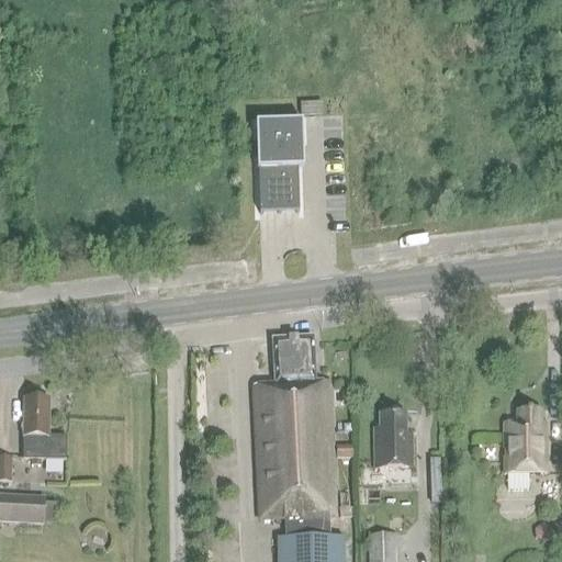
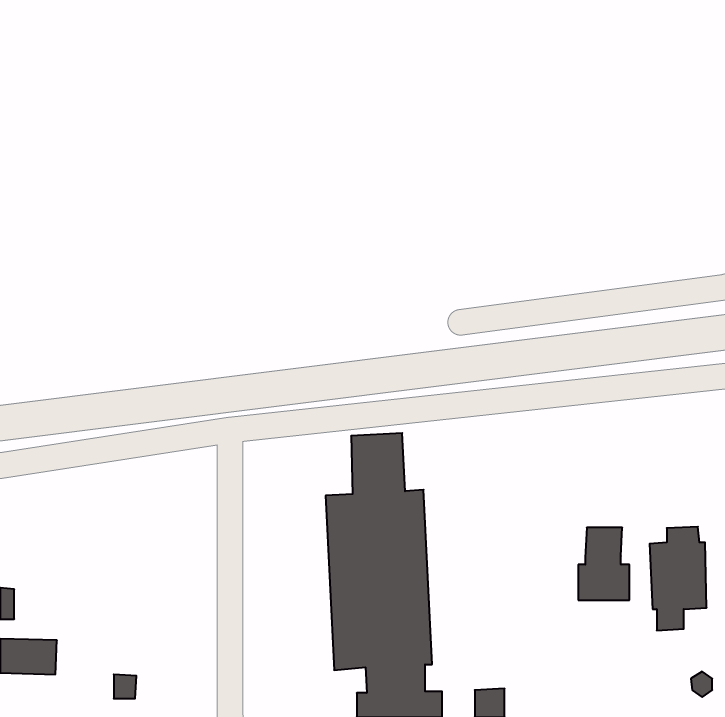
building: [256,117,304,210] -> none
building: [20,396,66,458] -> none
building: [371,412,411,468] -> [578,528,629,600]

